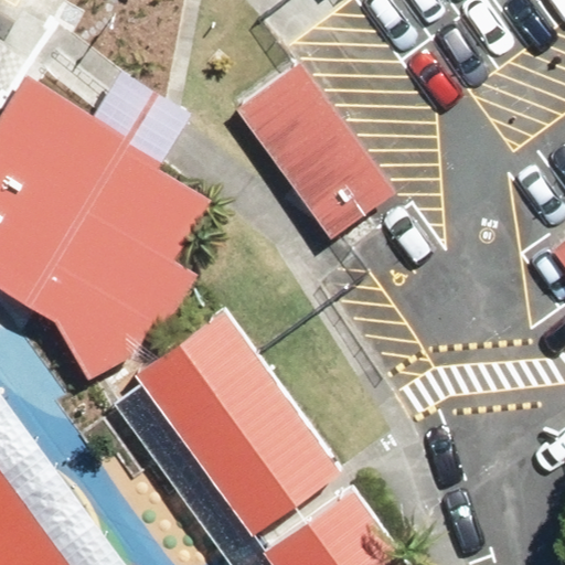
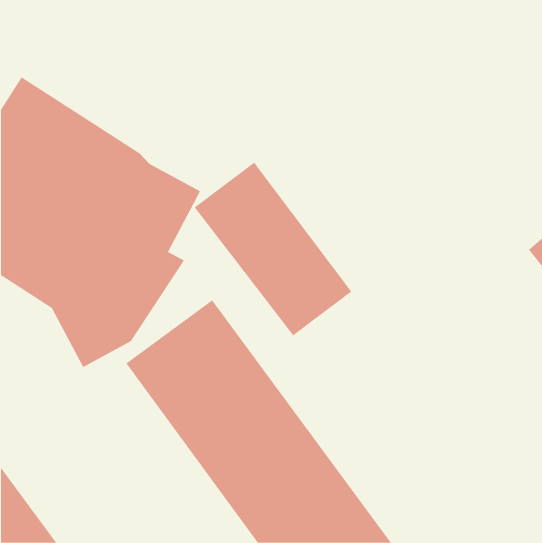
building: [225,57,390,238] -> [194,162,352,336]

